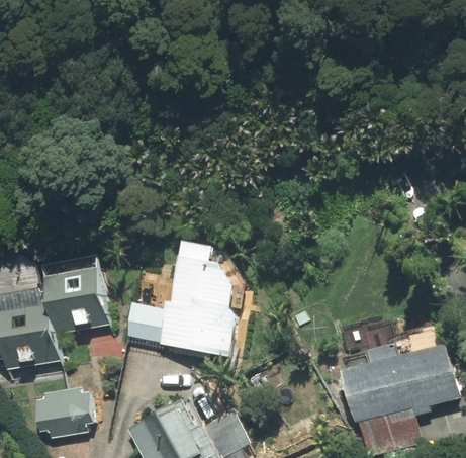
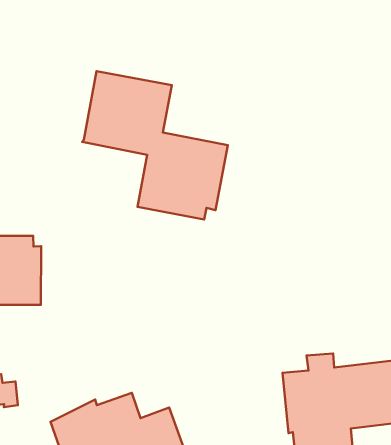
building: none -> [82,71,228,220]
building: [124,240,240,354] -> none

